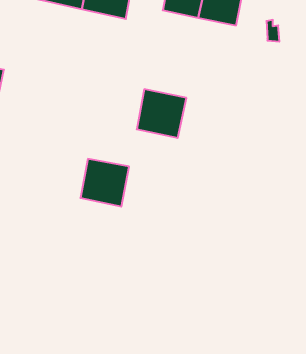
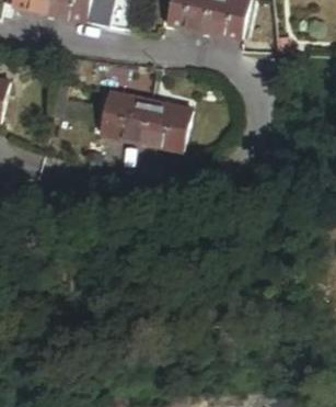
building: [80,159,129,207] -> [101,92,150,140]

